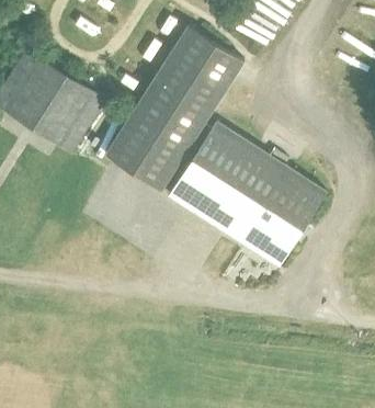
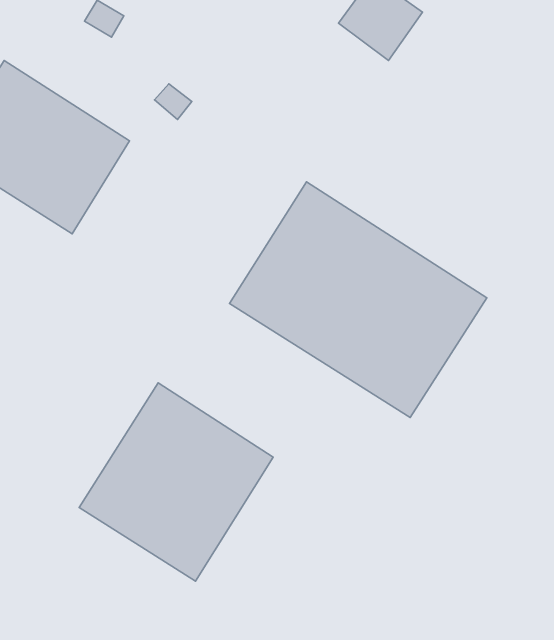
building: [104,26,243,192] -> none
building: none -> [79,383,273,581]

